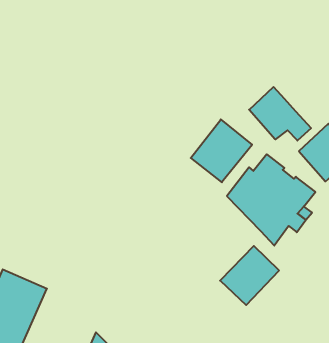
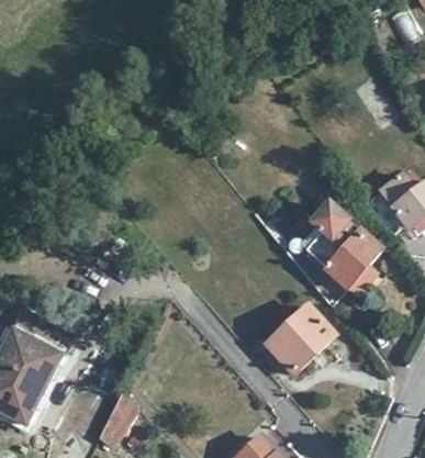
building: [249,87,311,141] -> none
building: [191,119,252,182] -> none

